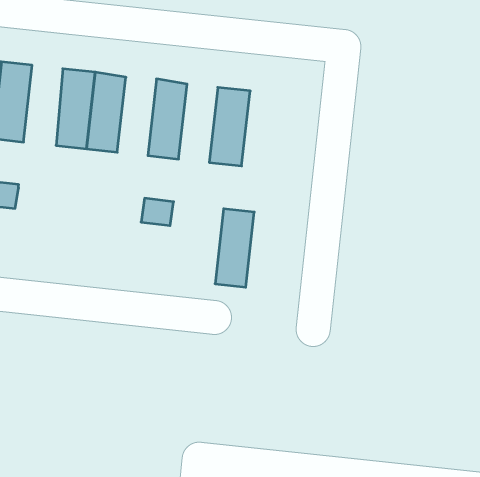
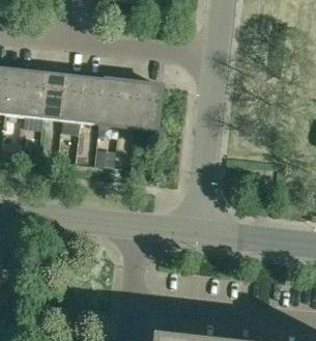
building: none -> [22,68,46,117]
building: none -> [79,76,103,123]
building: [215,209,254,287] -> [116,80,140,127]

